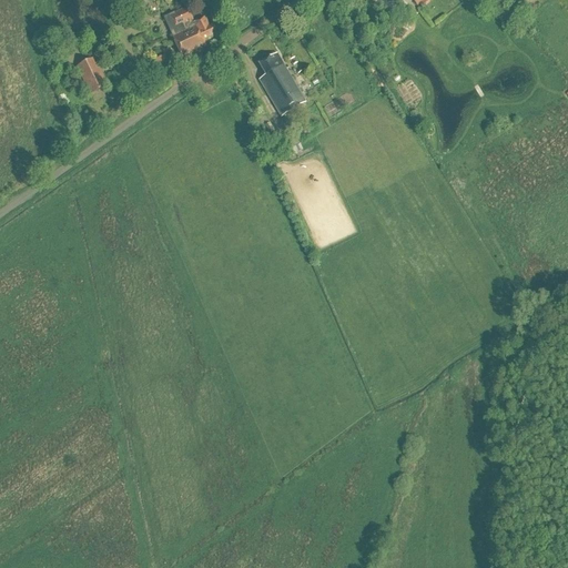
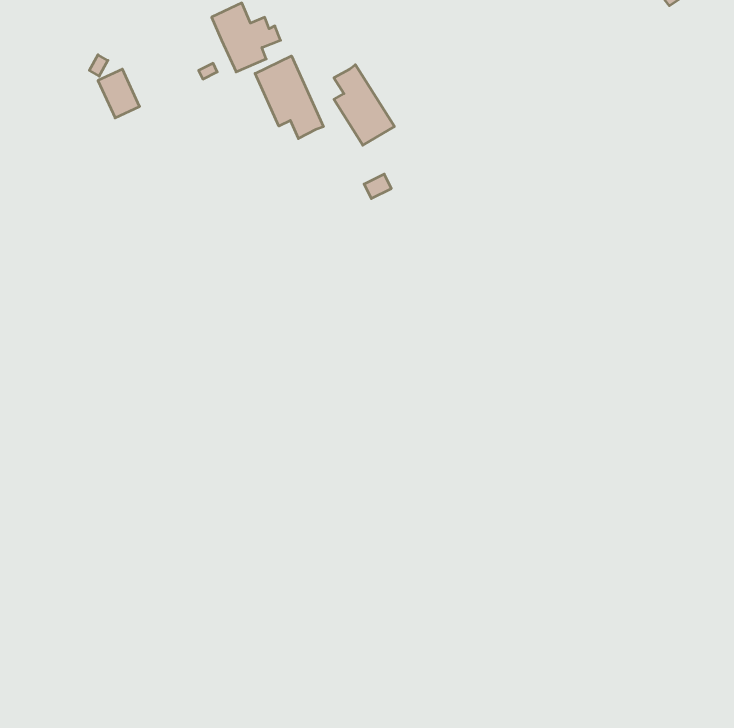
building: none -> [255,56,323,139]

